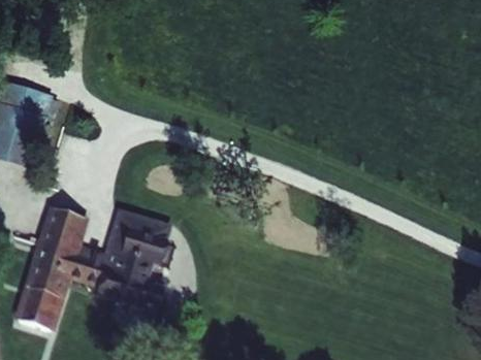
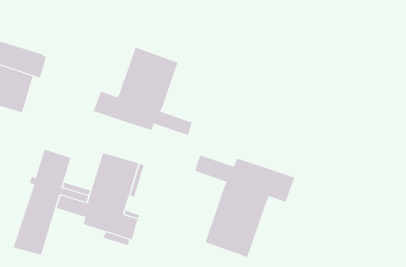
building: none -> [93,47,192,136]
building: none -> [195,155,295,258]

